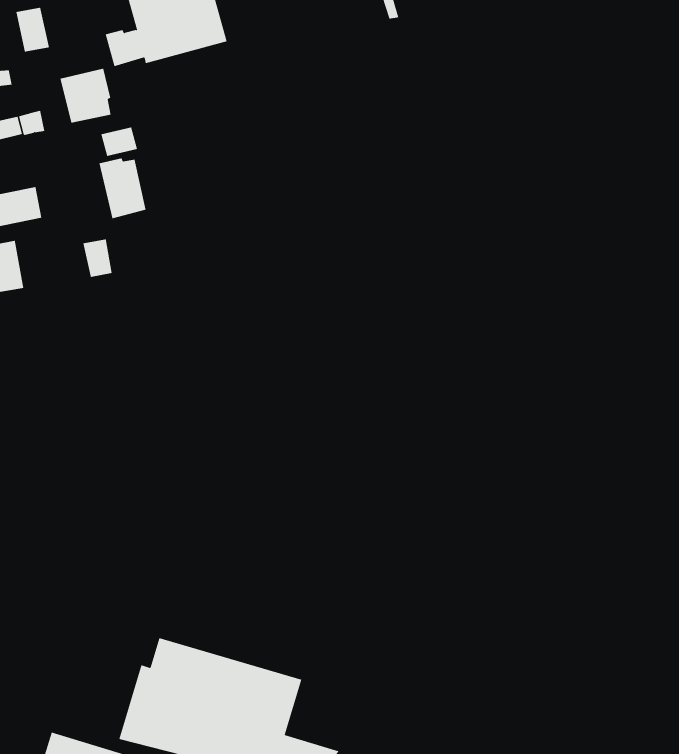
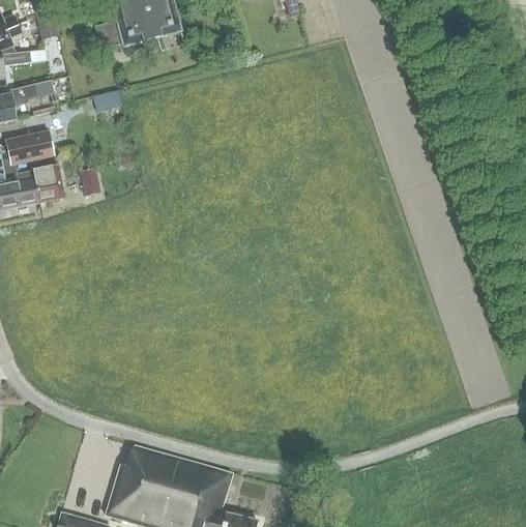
building: [60,68,111,124] -> none
building: [99,157,146,219] -> none
building: none -> [33,165,64,202]

